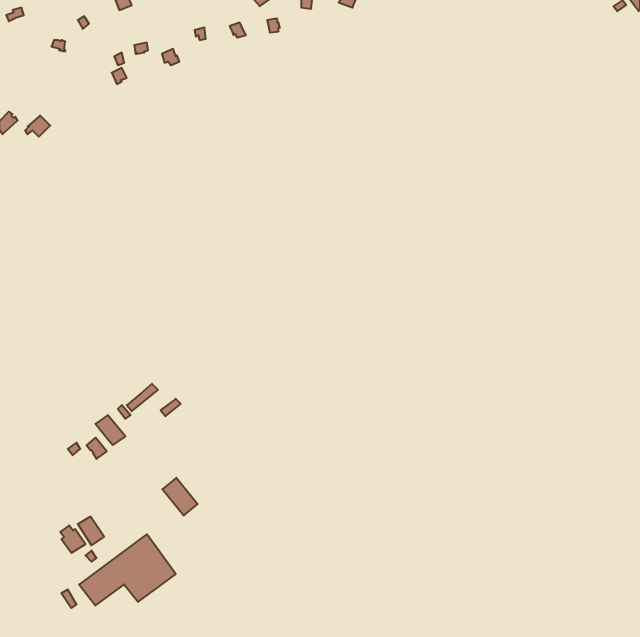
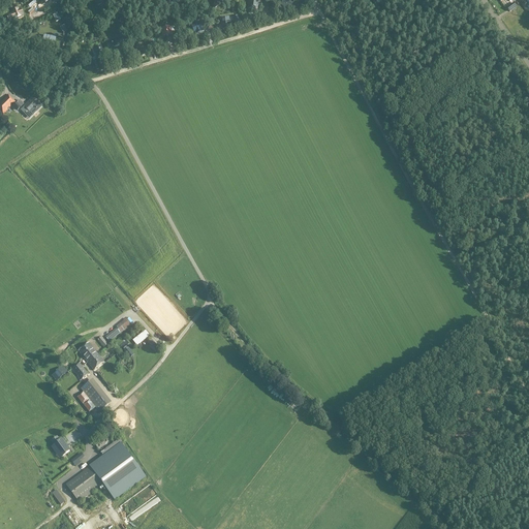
building: [162,478,198,515] -> [81,377,110,408]

